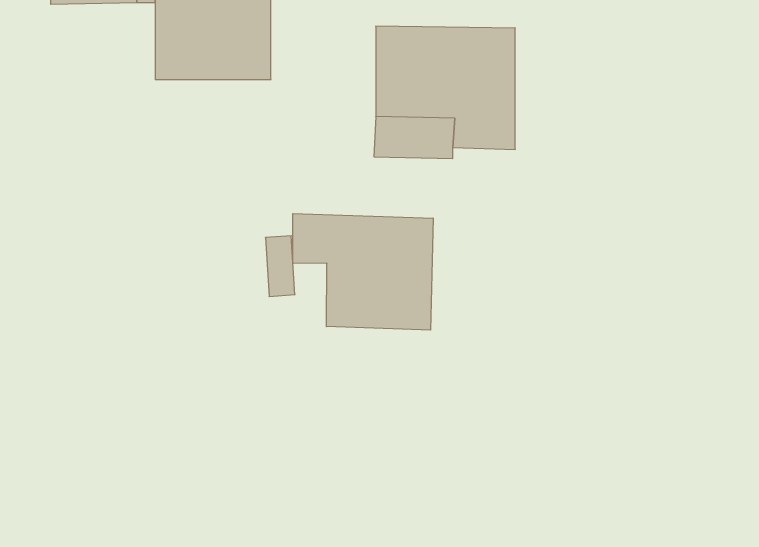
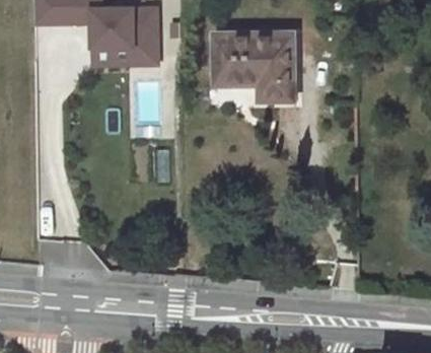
building: [293,214,433,330] -> none

